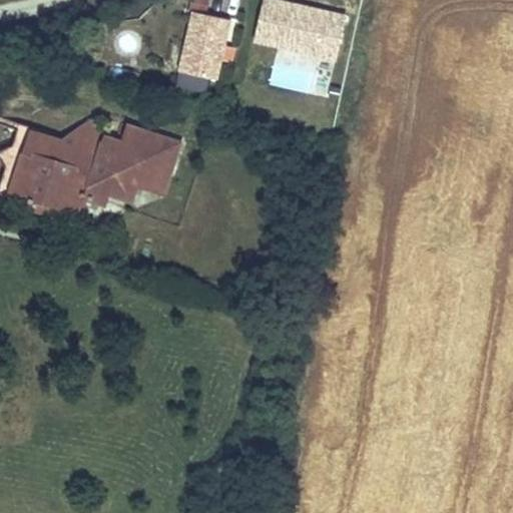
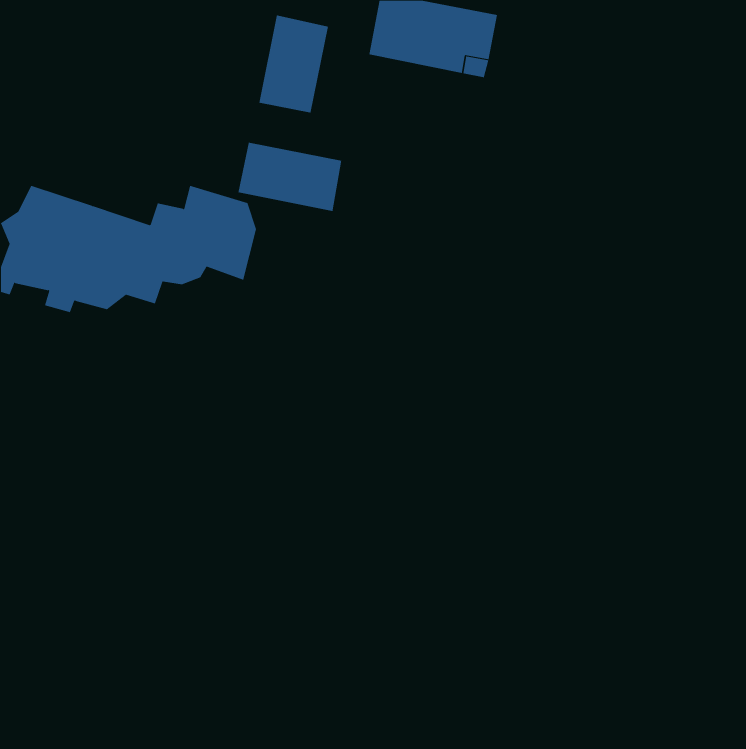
building: none -> [238,142,342,212]
building: [66,118,110,154] -> none

